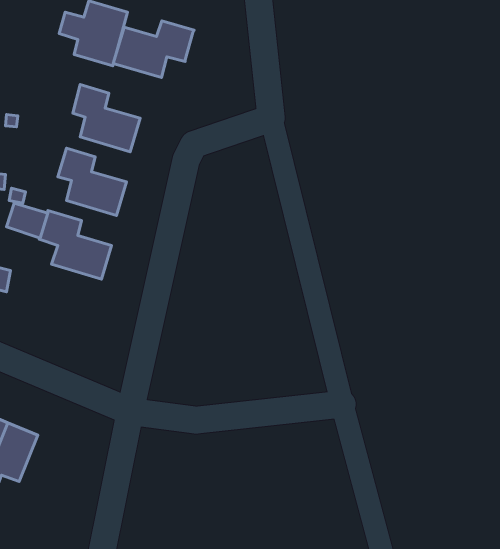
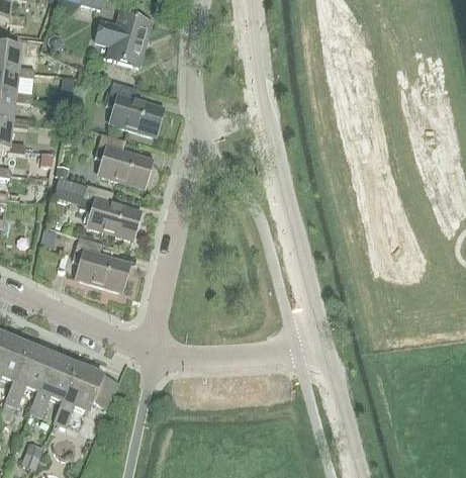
building: [113,21,194,78] -> none
building: none -> [72,236,126,290]
building: none -> [55,365,118,425]

